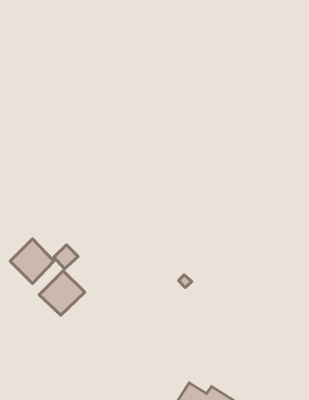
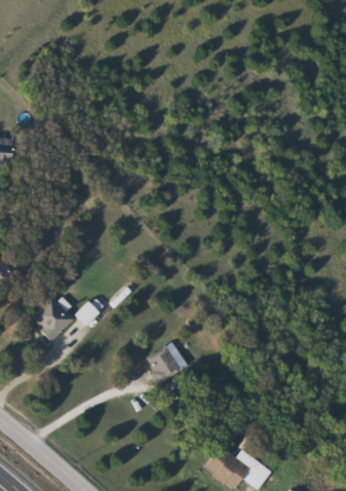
building: [39,271,85,315] -> none
building: none -> [146,342,189,383]

